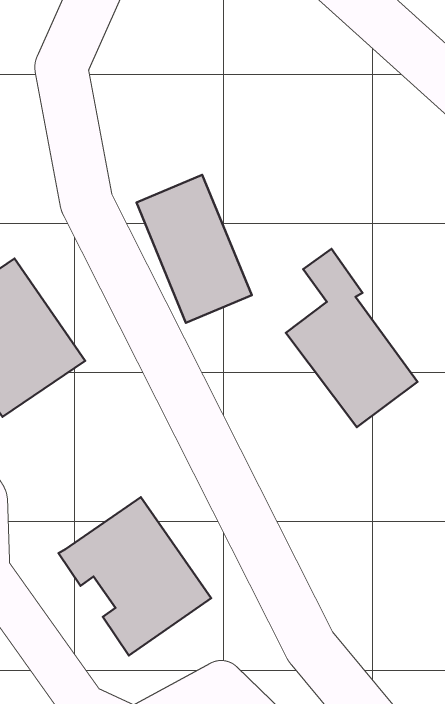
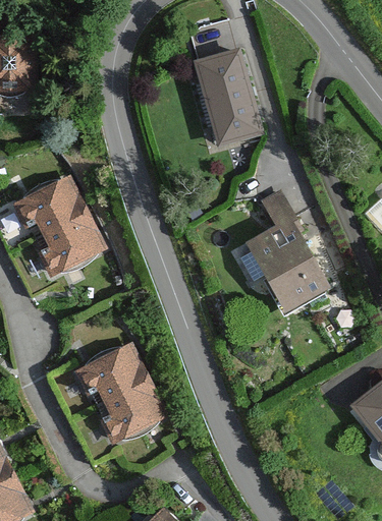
building: [136,175,252,323] -> [192,50,261,147]

